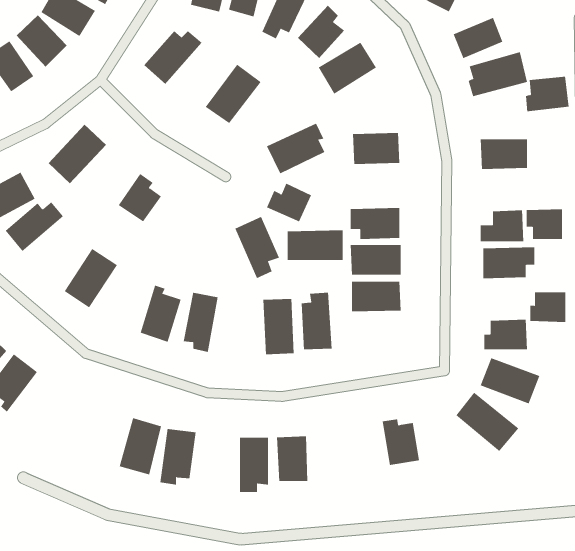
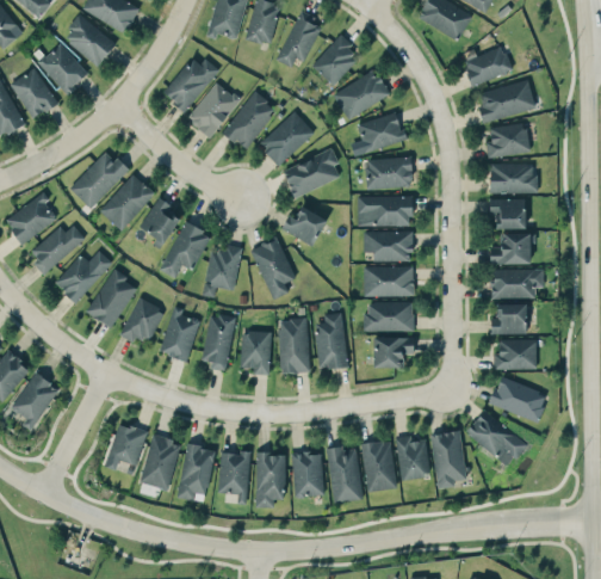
building: none -> [187,81,240,137]
building: [525,76,569,112] -> [487,123,529,158]
building: none -> [259,111,315,166]
building: none -> [351,111,405,156]
building: none -> [100,173,156,230]
building: none -> [161,221,211,277]
building: [526,209,563,239] -> [490,198,526,228]
building: none -> [203,244,241,297]
building: none -> [55,250,113,303]
building: [287,230,343,261] -> [358,196,413,226]
building: none -> [120,297,165,343]
building: [529,292,566,322] -> [491,304,527,334]
building: none -> [241,332,271,375]
building: none -> [374,337,414,368]
building: none -> [105,423,148,470]
building: none -> [432,431,466,488]
building: none -> [361,441,398,493]
building: none -> [326,445,364,504]
building: none -> [219,451,249,504]

